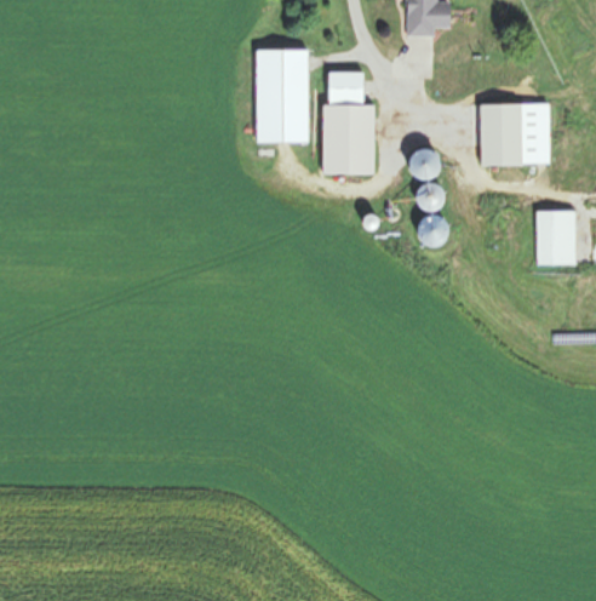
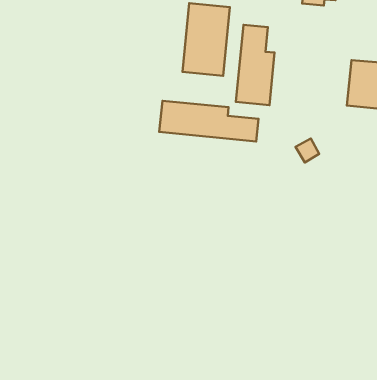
building: [403,147,443,212] -> none
building: none -> [159,101,259,142]

